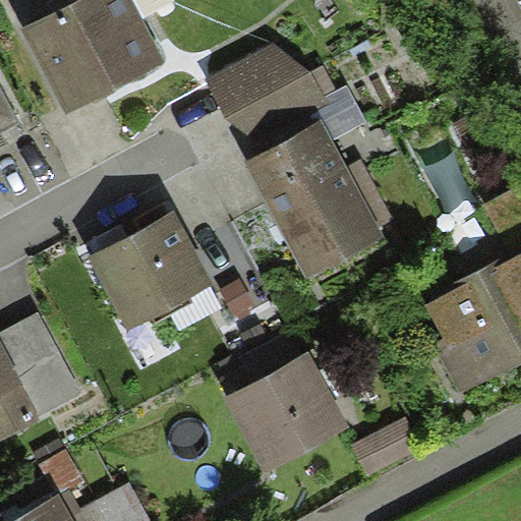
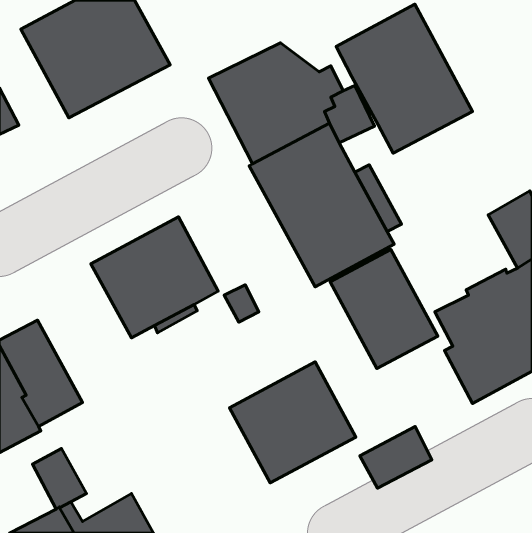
building: none -> [336,4,473,153]
building: none -> [330,249,438,369]

